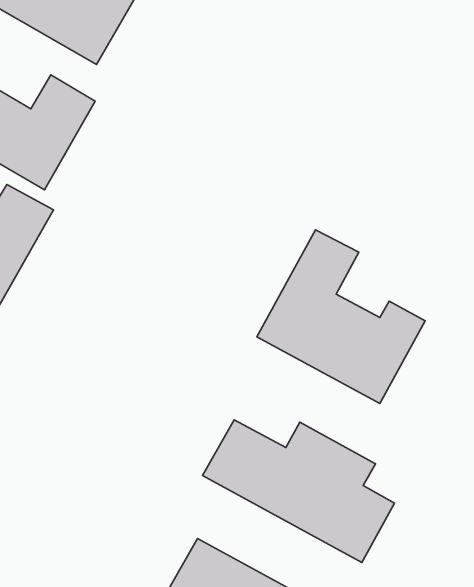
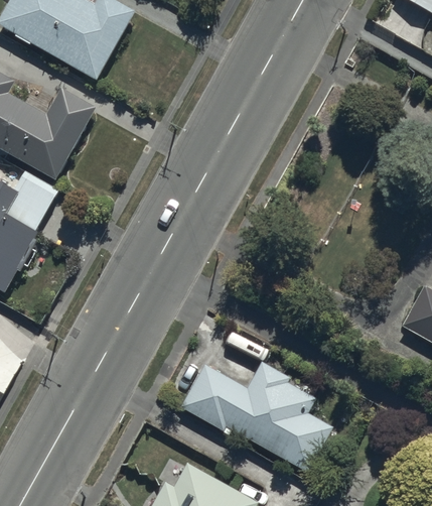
building: [257,230,425,404] -> none

